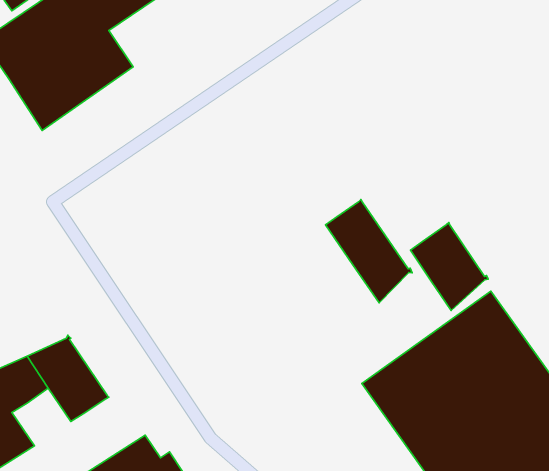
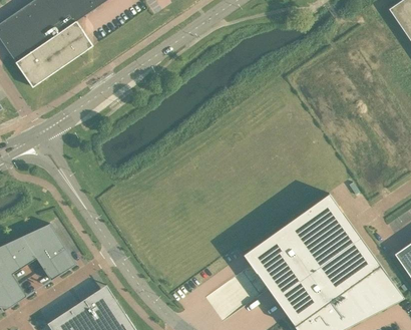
building: [326,200,412,303] -> none
building: [410,223,488,310] -> none

